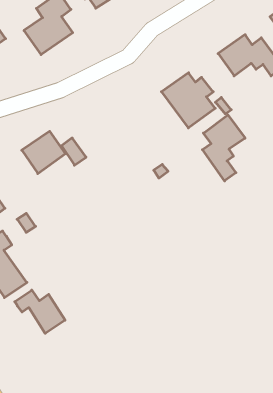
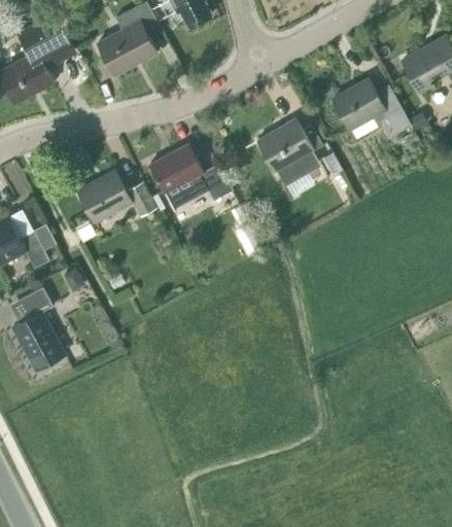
building: none -> [149,145,233,206]
building: [202,115,245,181] -> none
building: [15,290,65,333] -> none

